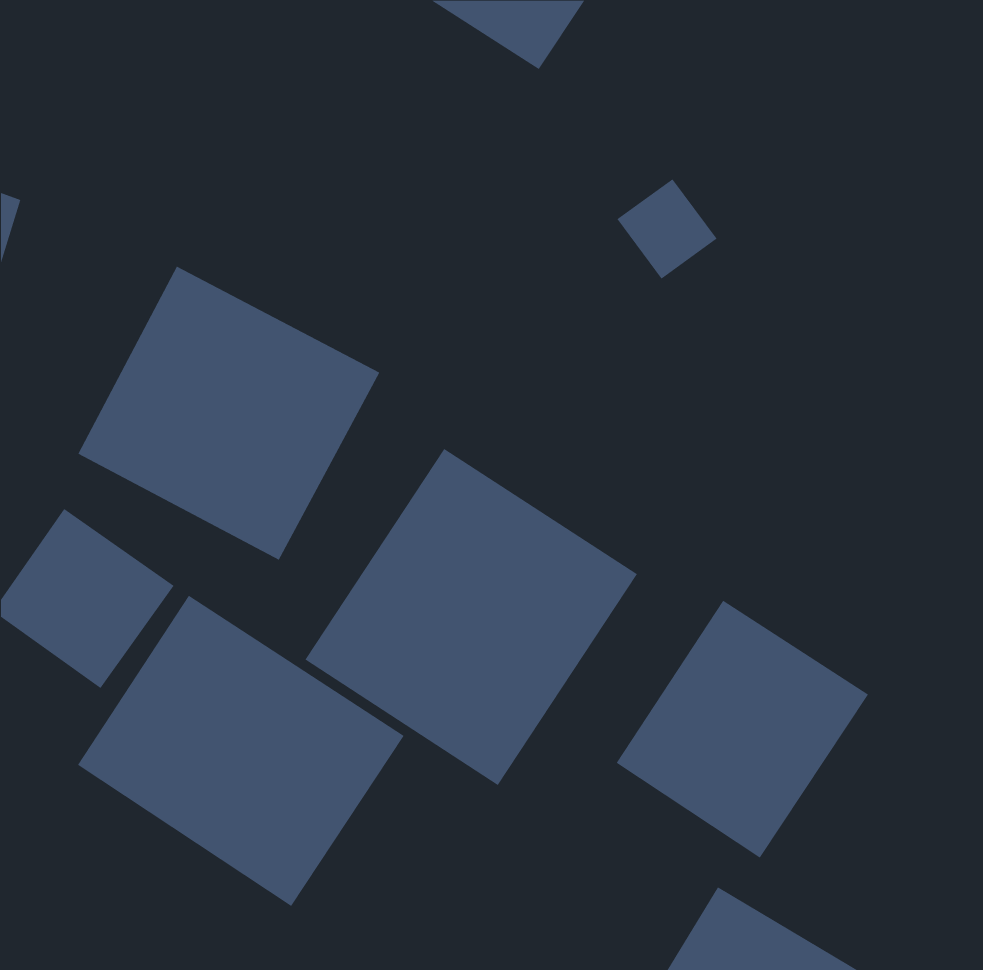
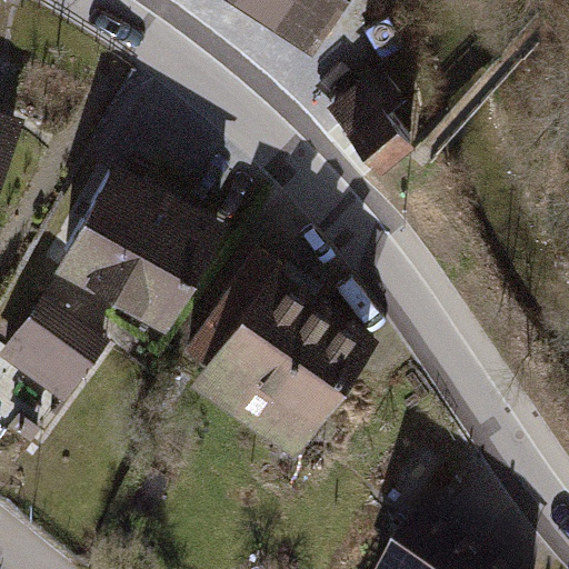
building: [77,595,405,907] -> none
building: [616,600,869,859] -> none

